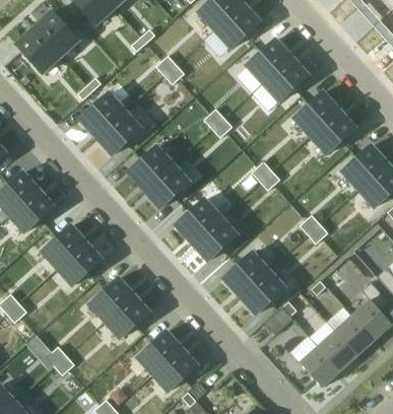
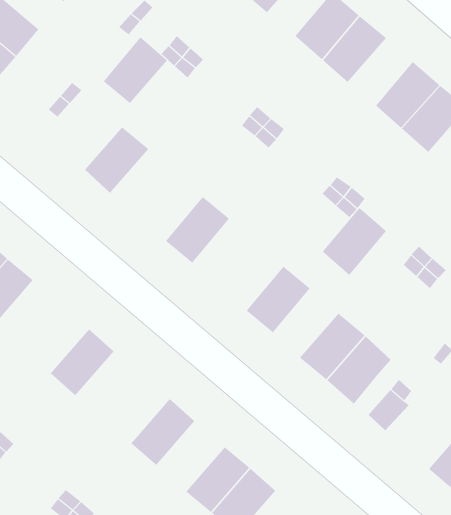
building: [80,92,125,136] -> [103,36,168,104]
building: [128,145,173,190] -> none
building: [176,198,220,243] -> [322,207,387,276]
building: [42,224,86,268] -> none
building: [89,277,134,321] -> none

